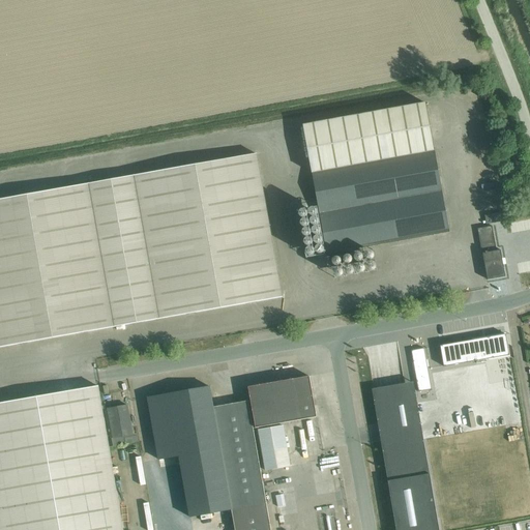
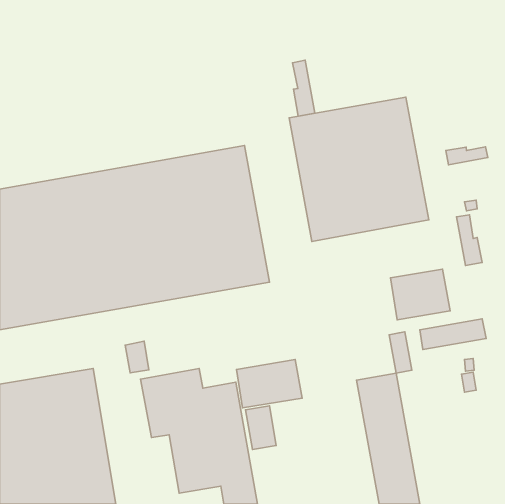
building: none -> [293,60,315,116]
building: none -> [446,147,488,165]
building: none -> [390,269,450,320]
building: [106,404,130,437] -> [125,341,149,373]

